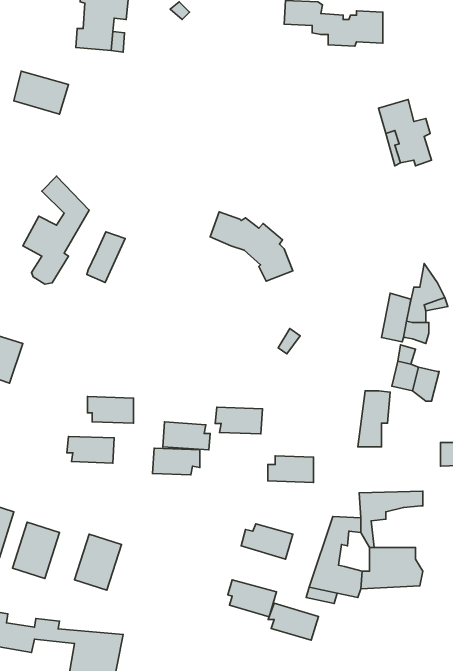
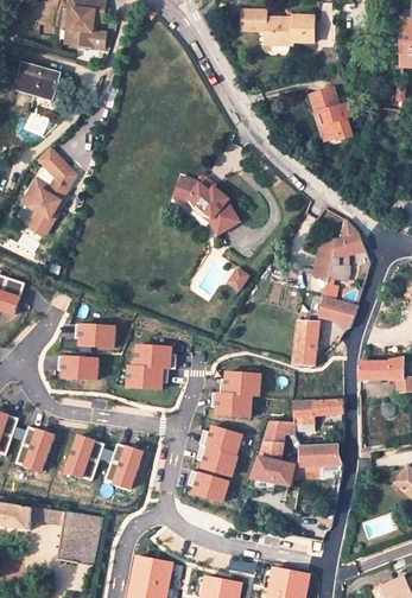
building: [87,232,125,283] -> none
building: [215,407,262,434] -> [211,394,249,415]
building: none -> [103,444,141,489]
building: [268,603,318,640] -> [196,446,236,476]

